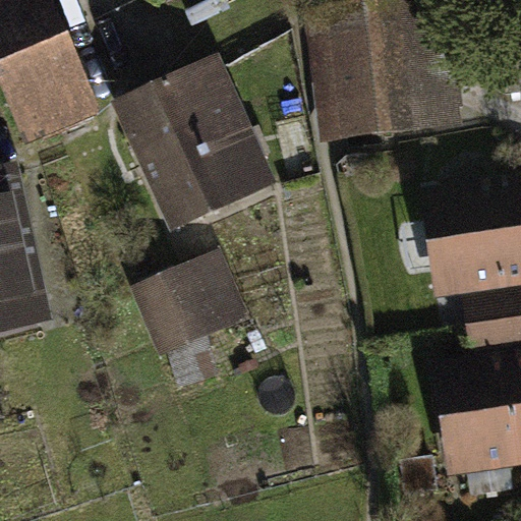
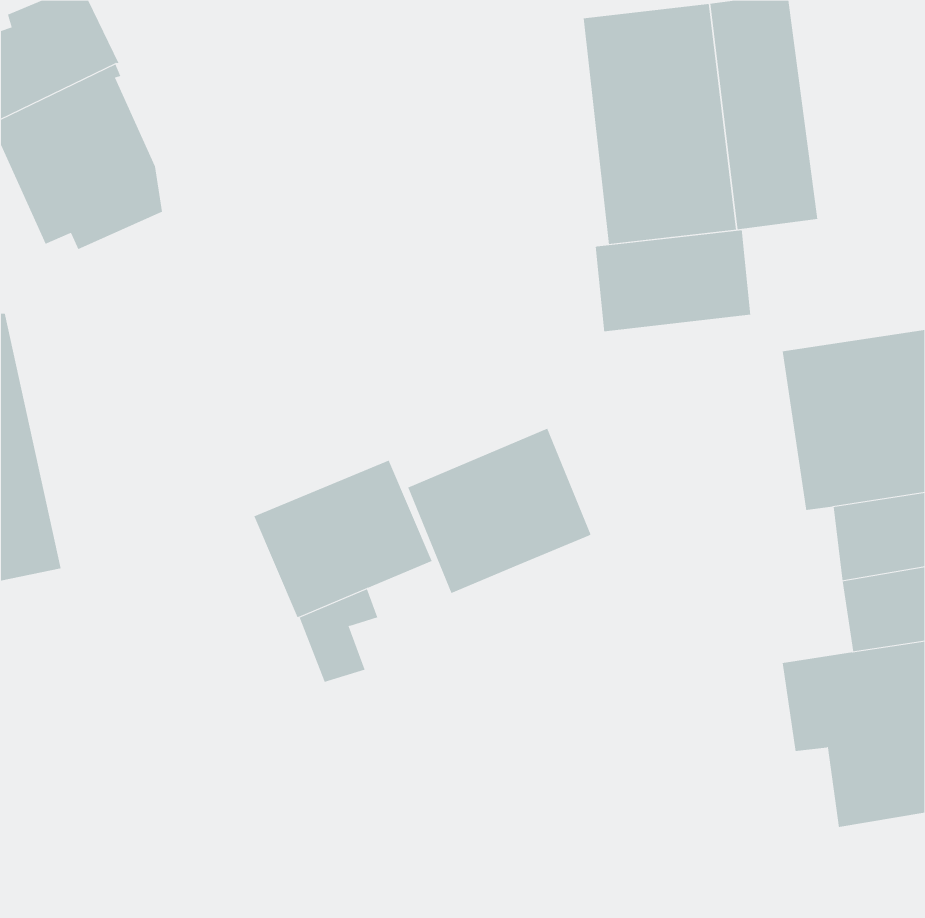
building: [126,74,269,222] -> none
building: none -> [595,229,751,332]
building: none -> [408,428,591,594]

